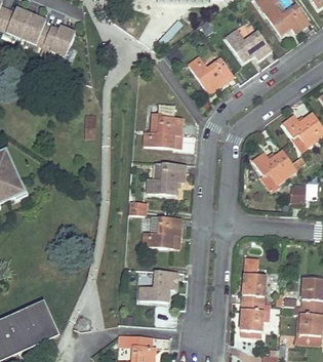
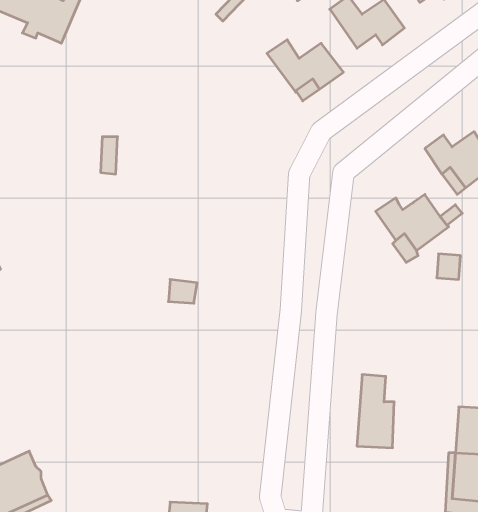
building: [144,116,181,148] -> none
building: [147,163,185,195] -> none
building: [143,216,180,248] -> none
building: [138,271,177,303] -> none
building: [240,301,264,331] -> none

